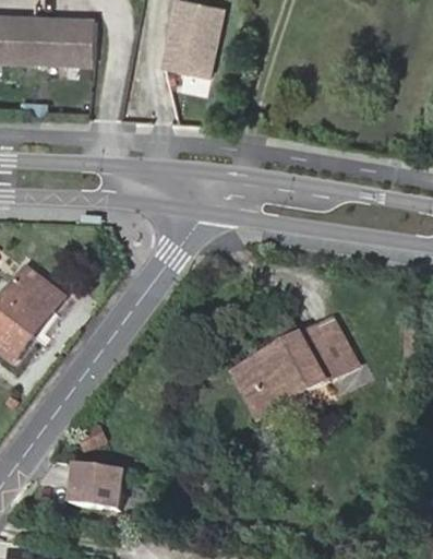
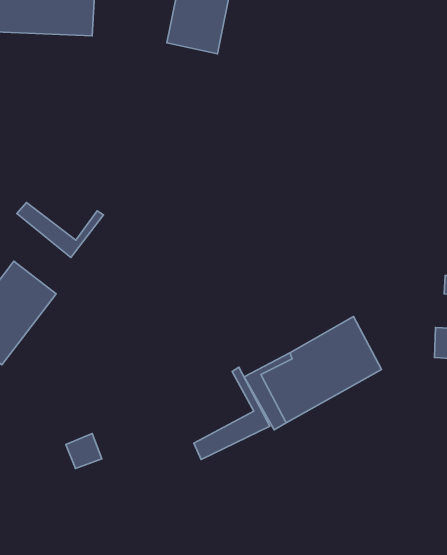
building: none -> [17,203,103,257]
building: none -> [194,367,270,460]
building: [68,463,123,508] -> none

